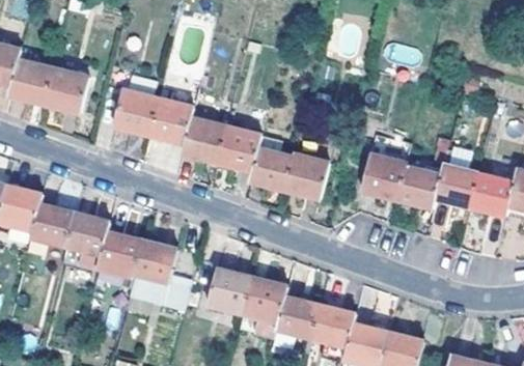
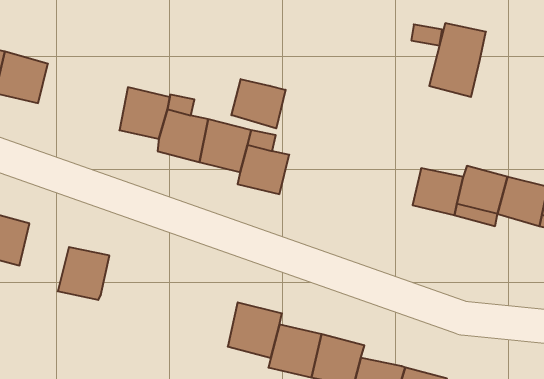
building: [111,88,154,133] -> none
building: none -> [231,79,286,128]
building: [358,134,406,196] -> [429,23,486,97]
building: [281,153,324,194] -> none
building: [62,212,106,269] -> none
building: [131,238,173,281] -> none
building: [203,270,246,315] -> none

